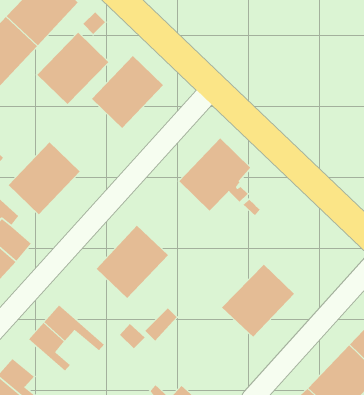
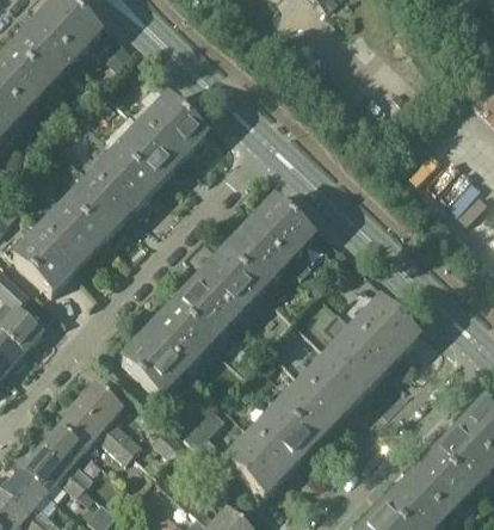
building: [36,32,109,105] -> [66,147,155,236]
building: none -> [173,248,263,339]
building: none -> [329,297,419,387]
building: none -> [78,378,142,449]
building: none -> [226,403,316,493]
building: none -> [20,443,85,492]

